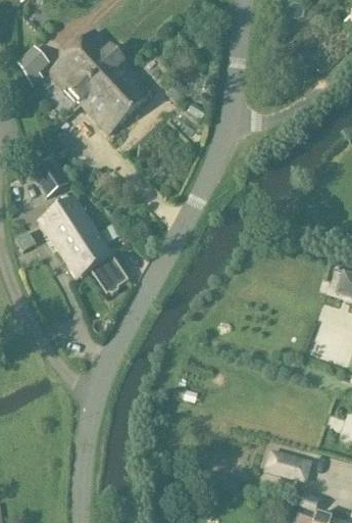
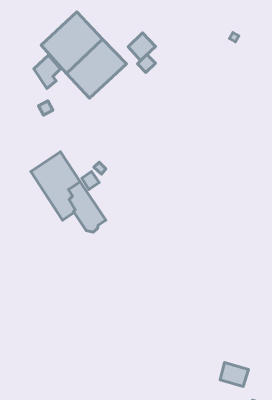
building: [17,45,49,85] -> [34,55,60,88]
building: none -> [128,33,156,61]
building: [30,156,69,198] -> none

